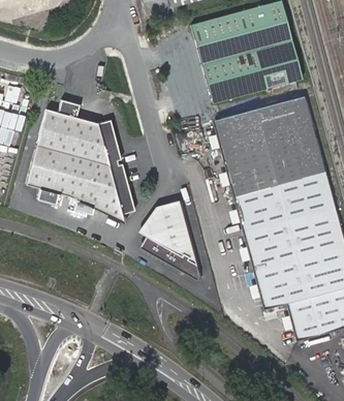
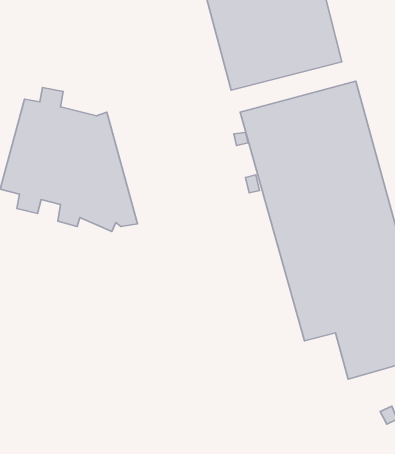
building: [145,198,205,276] -> none

